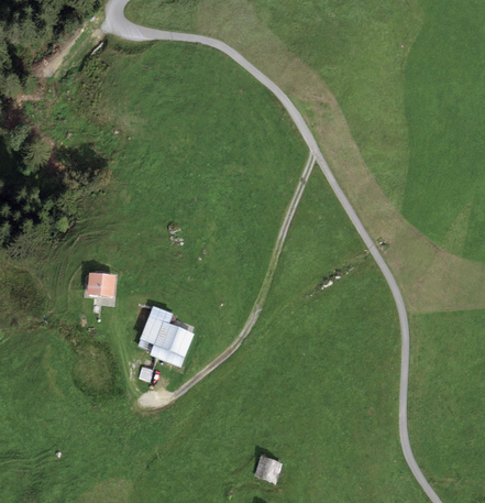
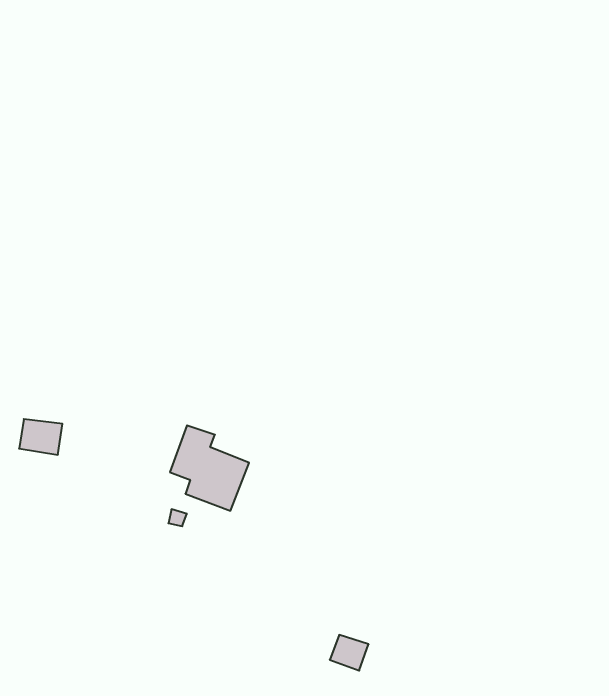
building: [86,274,117,299] -> [19,419,62,455]

